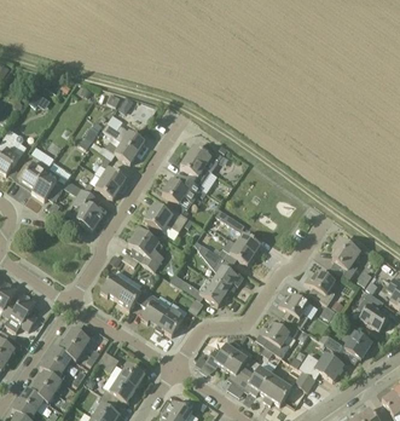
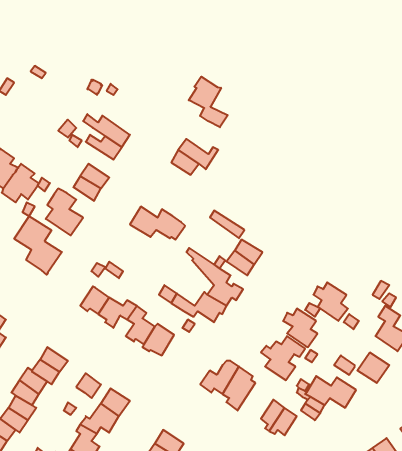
building: none -> [189,77,228,127]
building: [163,172,201,212] -> none
building: none -> [14,216,62,275]
building: [129,229,164,270] -> none
building: [332,238,360,278] -> none
building: [239,358,271,393] -> none

